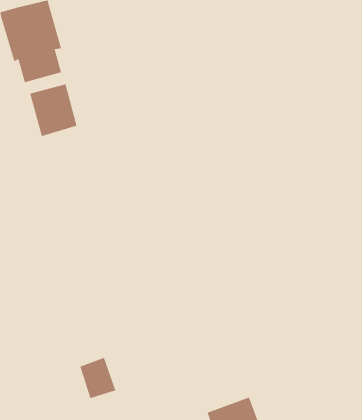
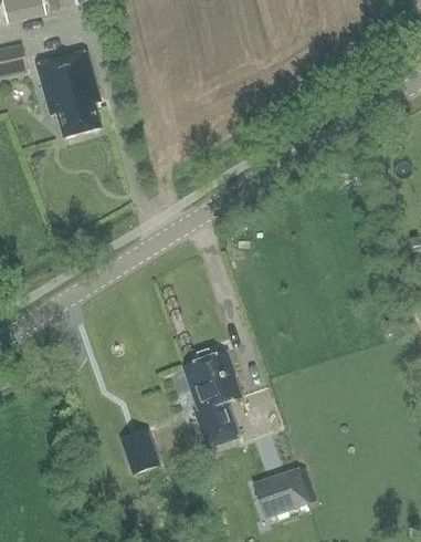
building: [29,83,77,137] -> none
building: none -> [187,346,239,446]

